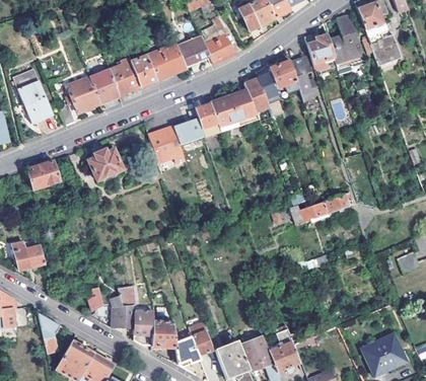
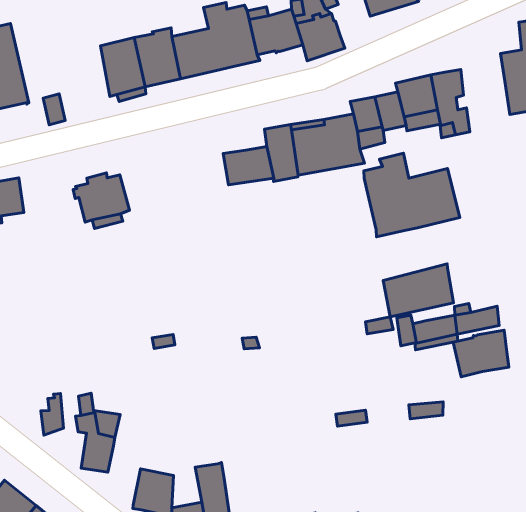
building: [306,34,334,64] -> none
building: [65,74,99,111] -> none
building: none -> [364,153,460,237]
building: [147,126,184,163] -> none
building: none -> [383,264,453,317]
building: none -> [453,330,509,377]
building: [133,311,153,345] -> none

